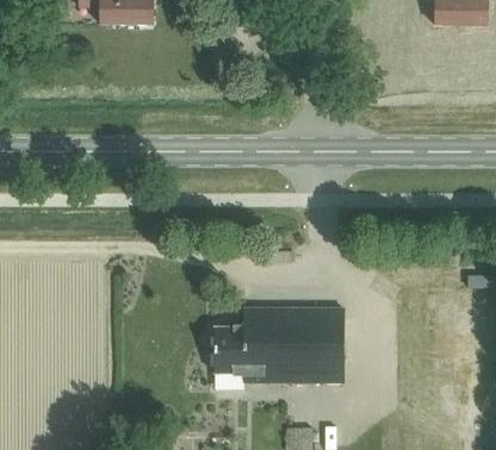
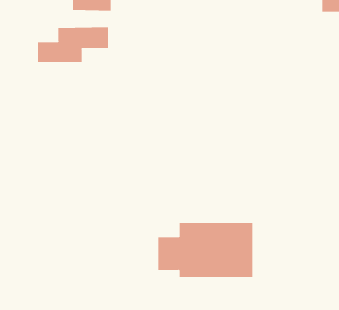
building: none -> [37,27,108,63]

